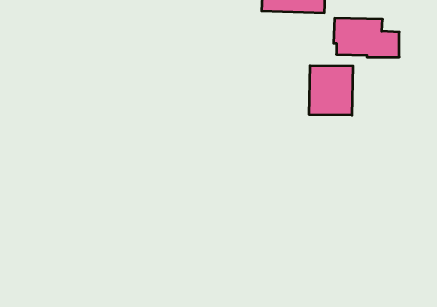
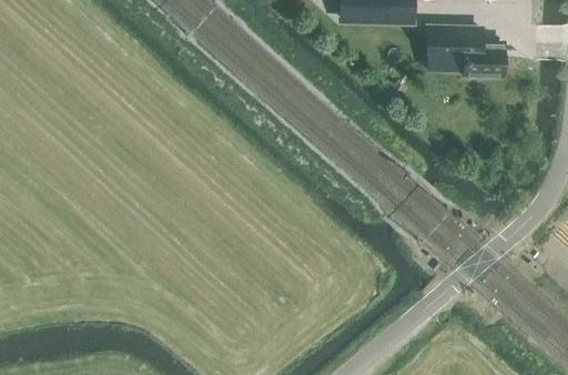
building: [309,66,353,115] -> none

